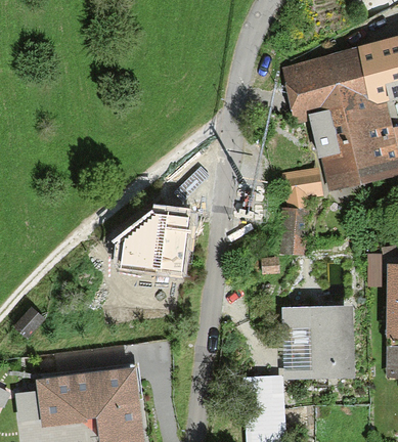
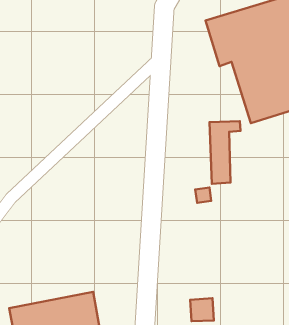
building: [118,204,191,275] -> none
building: [284,300,352,368] -> none

